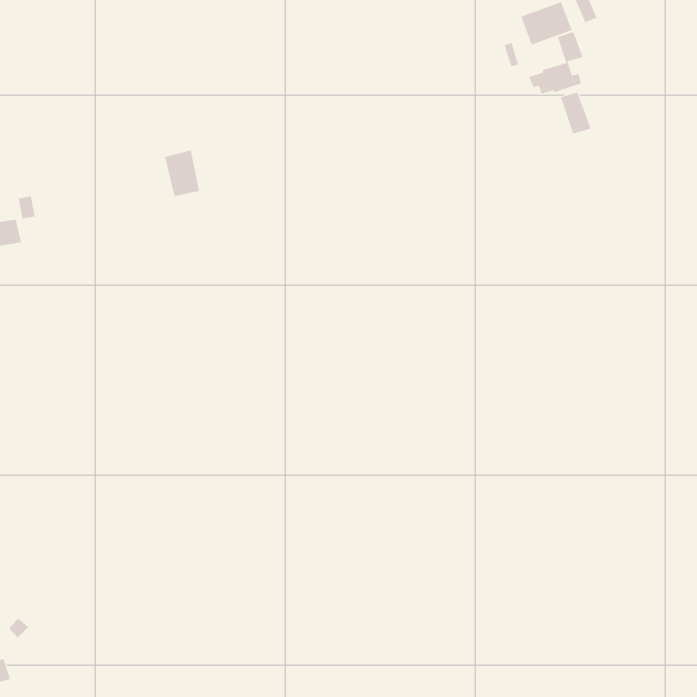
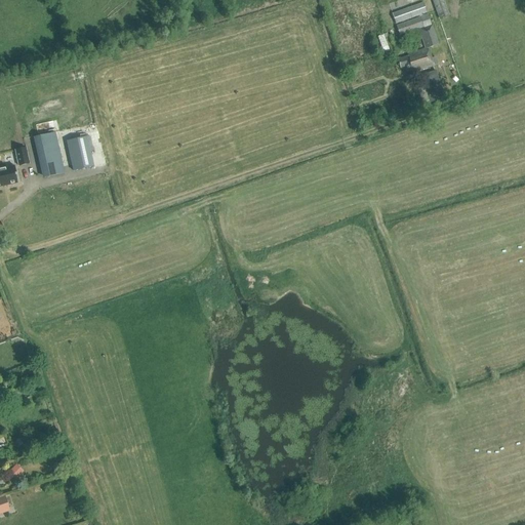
building: [164,150,200,196] -> [65,134,91,169]
building: none -> [33,131,63,175]

